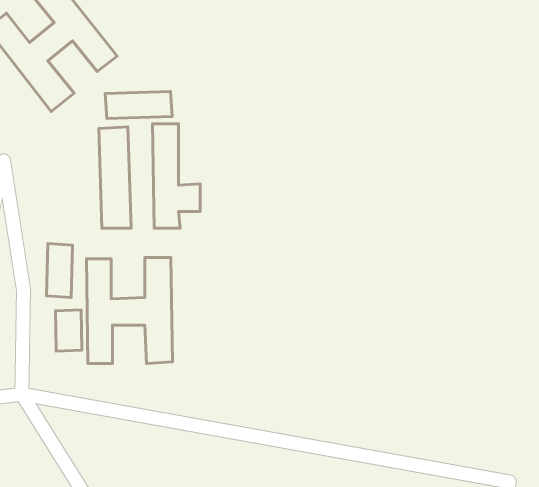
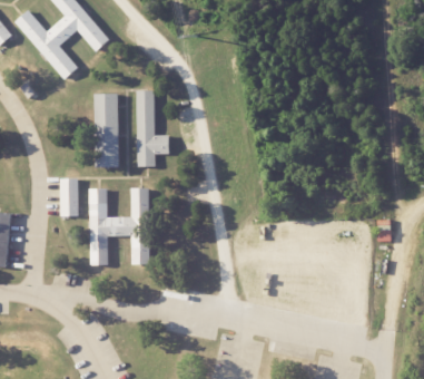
building: [105,91,172,118] -> none
building: [56,310,82,351] -> none

